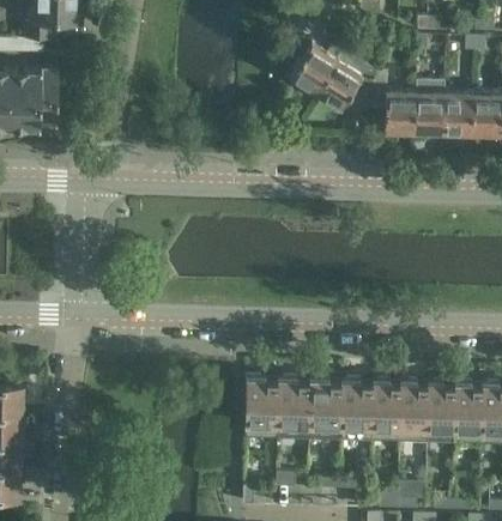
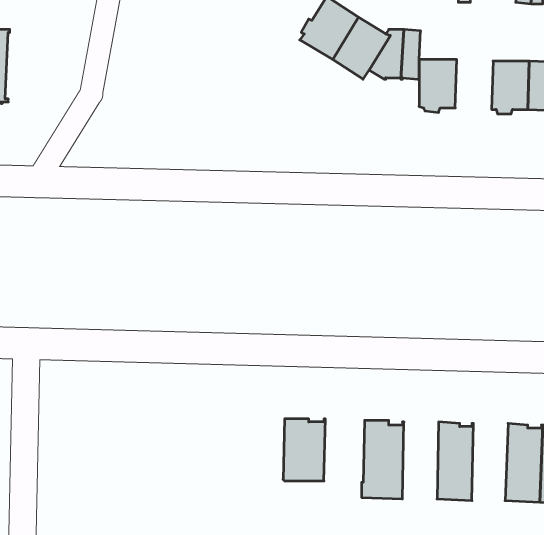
building: [413,93,443,133] -> none
building: [244,377,278,438] -> none
building: [309,378,341,429] -> none
building: [371,381,400,442] -> none
building: [427,382,455,443] -> none

